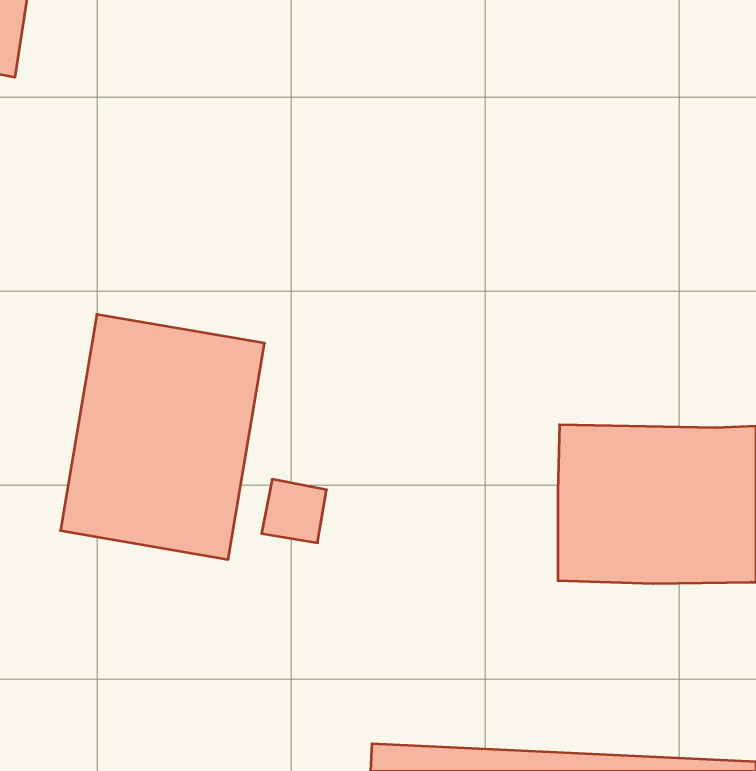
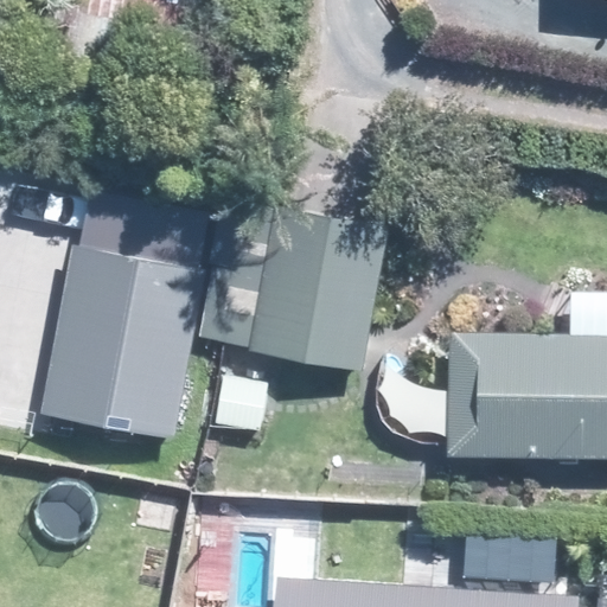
building: none -> [206,203,375,368]

